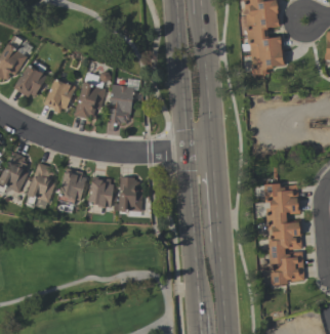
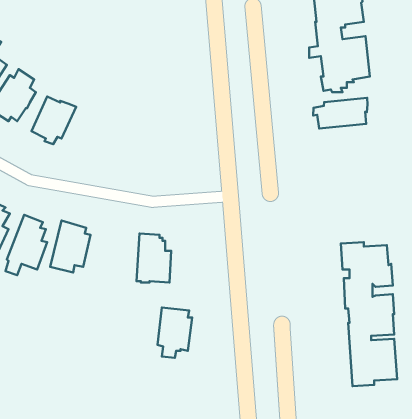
building: none -> [313,98,367,128]
building: [74,83,106,120] -> none
building: [108,85,134,125] -> none
building: [89,177,114,213] -> [158,307,192,358]

